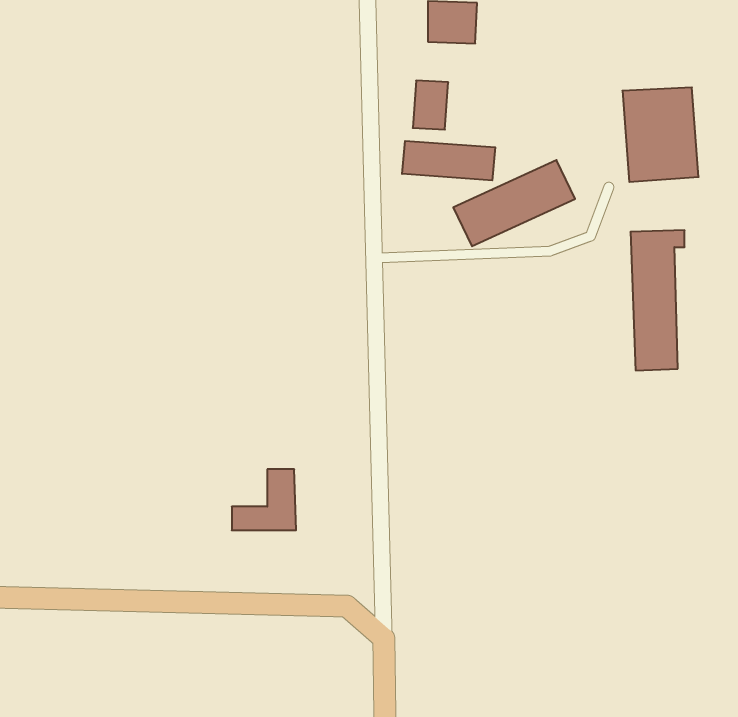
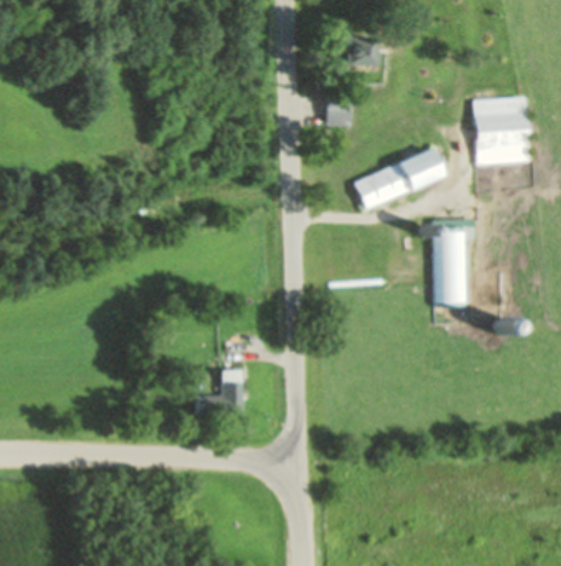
building: [402,141,495,180] -> none
building: [630,230,685,370] -> [435,224,474,324]

